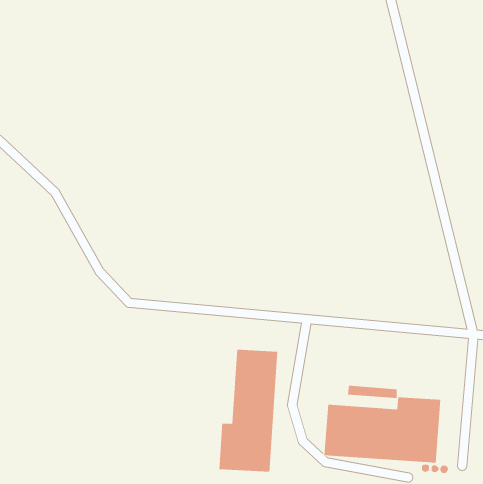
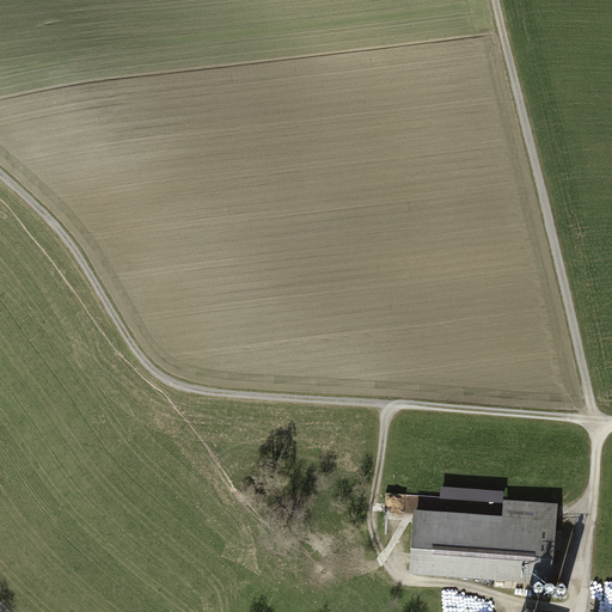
building: [219,349,278,473] -> none

